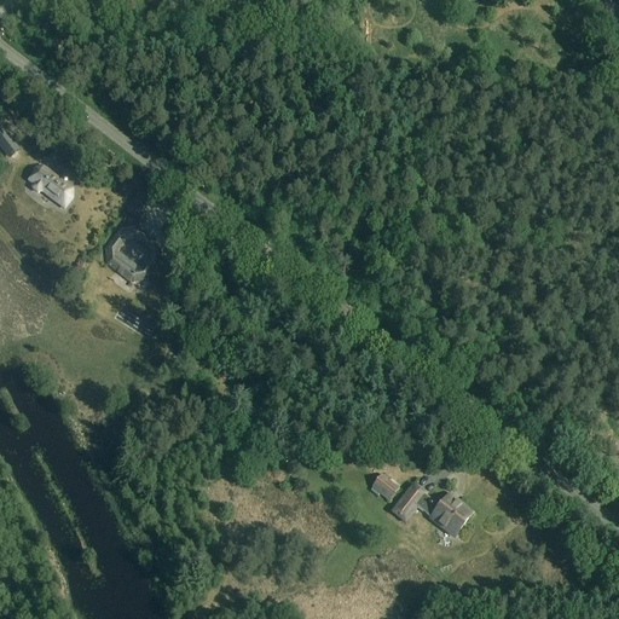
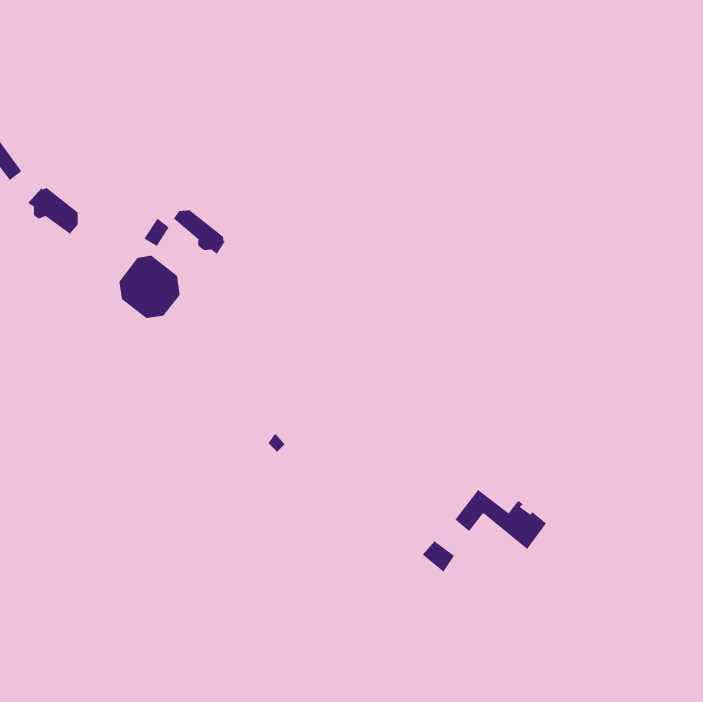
building: none -> [173,210,225,255]
building: [391,484,472,537] -> [454,489,547,550]

